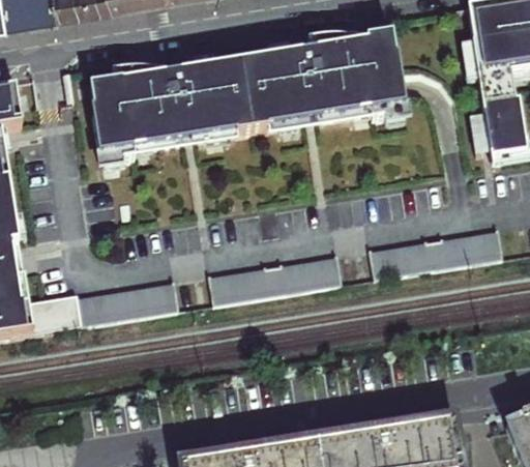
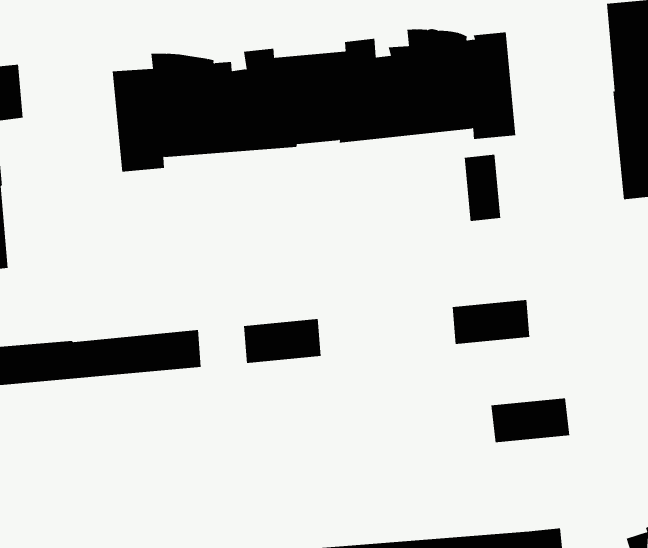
building: none -> [464,154,501,222]
building: [436,231,499,269] -> [491,398,570,443]
building: [275,257,337,294] -> none

